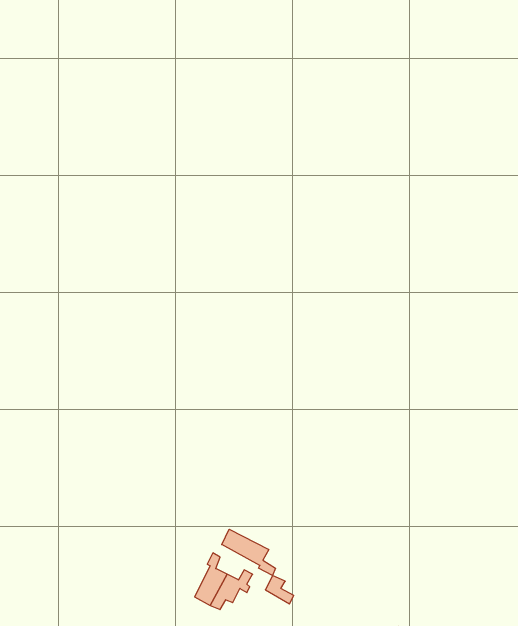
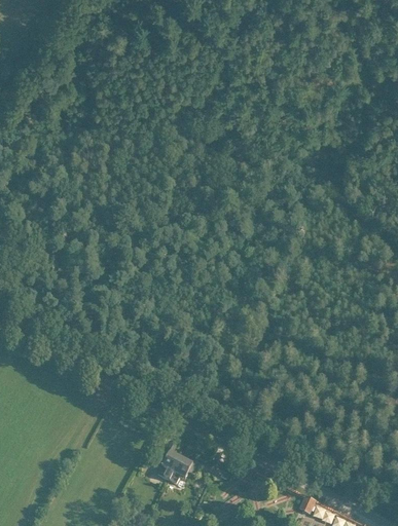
building: [222,529,276,576] -> none

